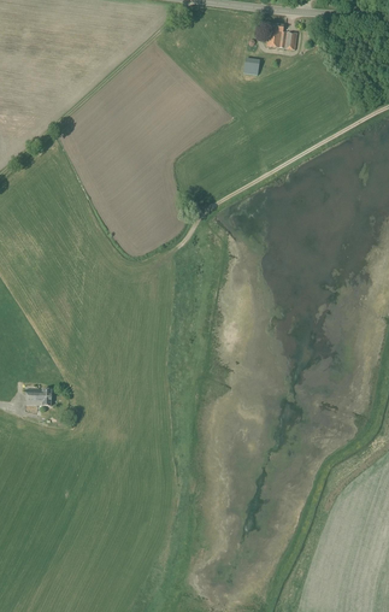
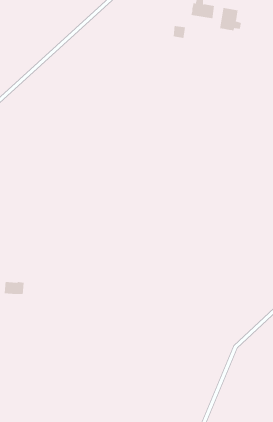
building: none -> [220,7,242,31]

